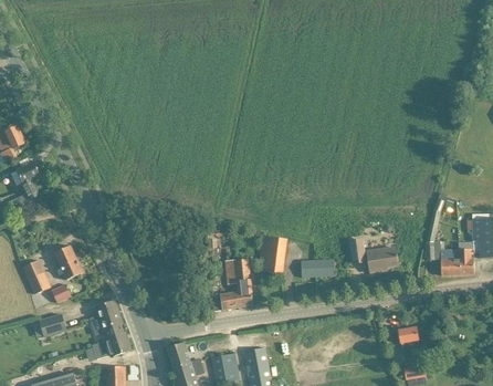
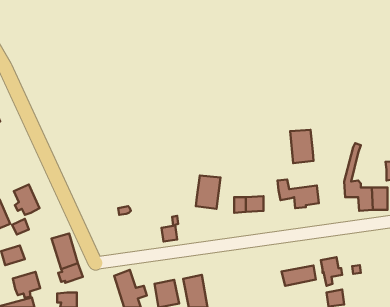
building: none -> [290,130,314,163]
building: [234,259,253,307] -> none
building: none -> [282,266,316,286]
building: none -> [13,272,40,298]

